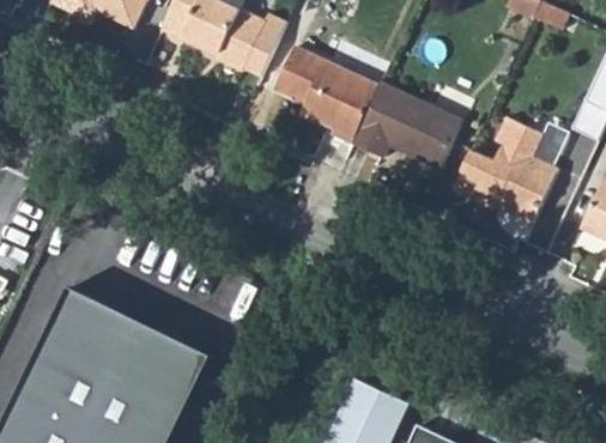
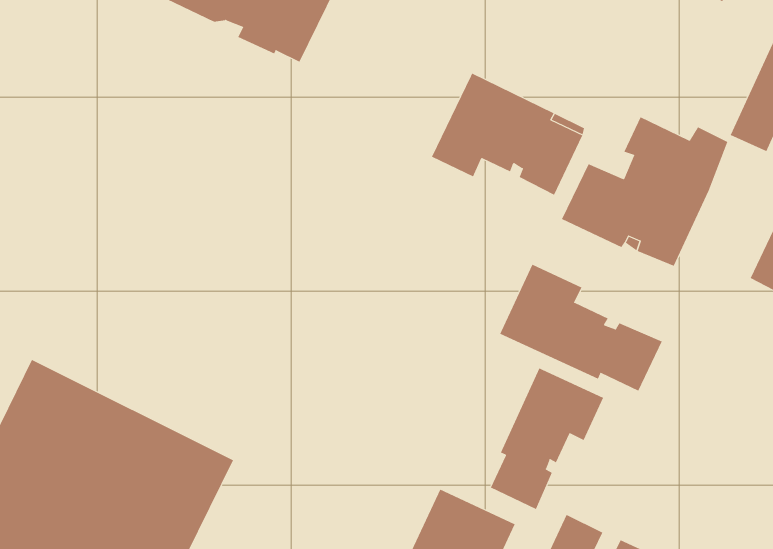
building: [274,45,378,142] -> none
building: none -> [500,264,662,391]
building: none -> [490,368,604,510]

